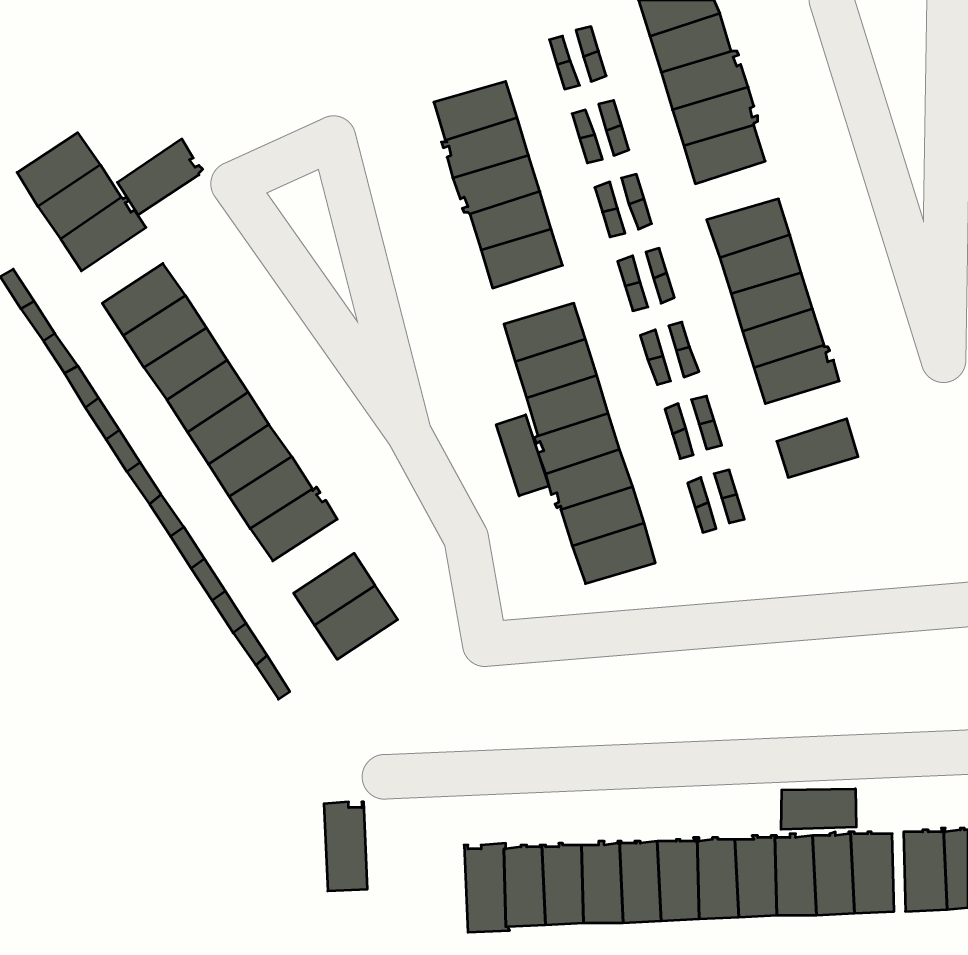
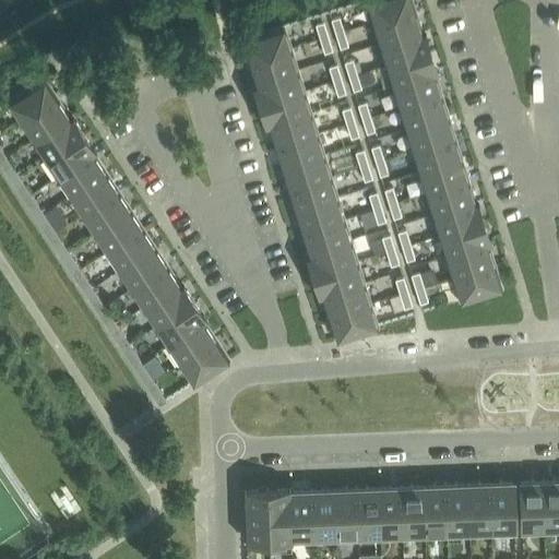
building: none -> [243,32,292,67]
building: [117,139,203,215] -> [47,139,96,182]
building: none -> [401,100,449,134]
building: none -> [284,160,331,194]
building: none -> [441,227,490,262]
building: [496,415,549,496] -> none
building: none -> [454,271,502,306]
building: none -> [157,307,206,349]
building: [781,789,856,829] -> none
building: [324,802,367,891] -> [245,495,270,546]

